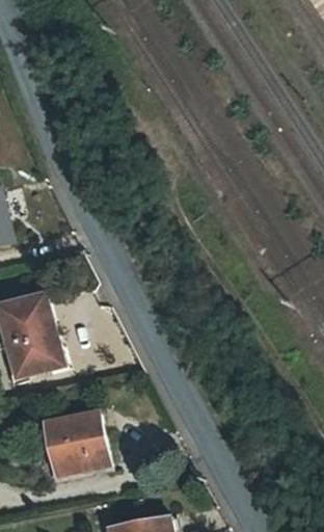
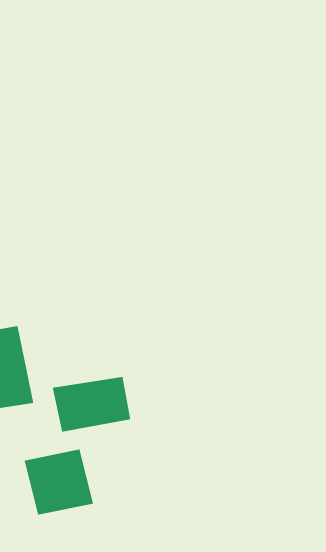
building: none -> [52,376,131,433]

